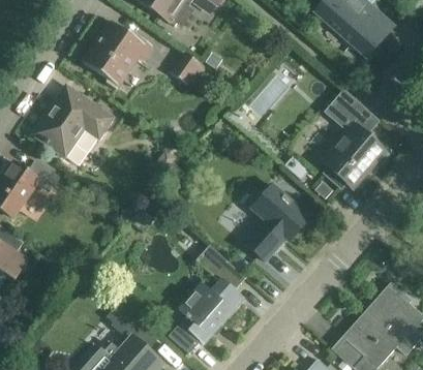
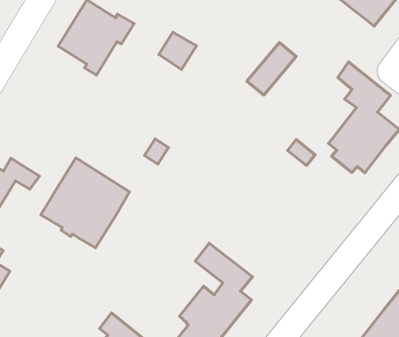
building: [32,85,113,166] -> [41,158,129,248]
building: [243,185,309,261] -> none

